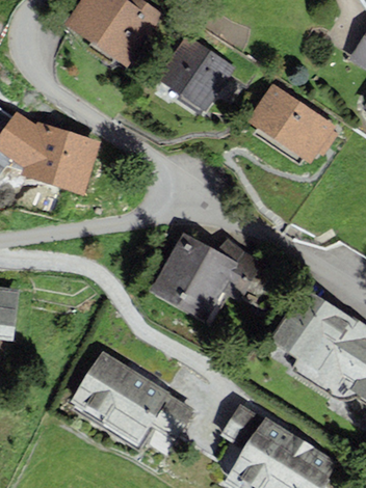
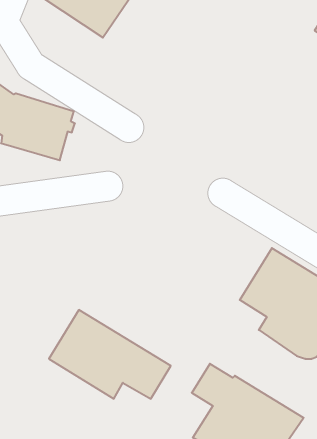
building: [157,37,235,113] -> none
building: [245,84,334,164] -> none
building: [149,235,261,320] -> none

